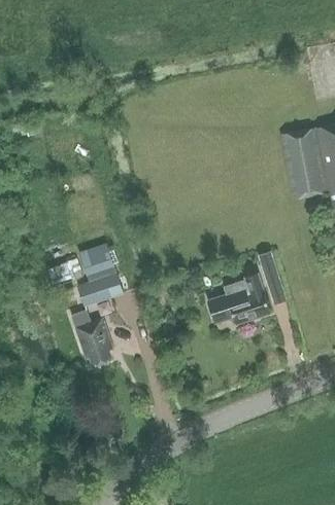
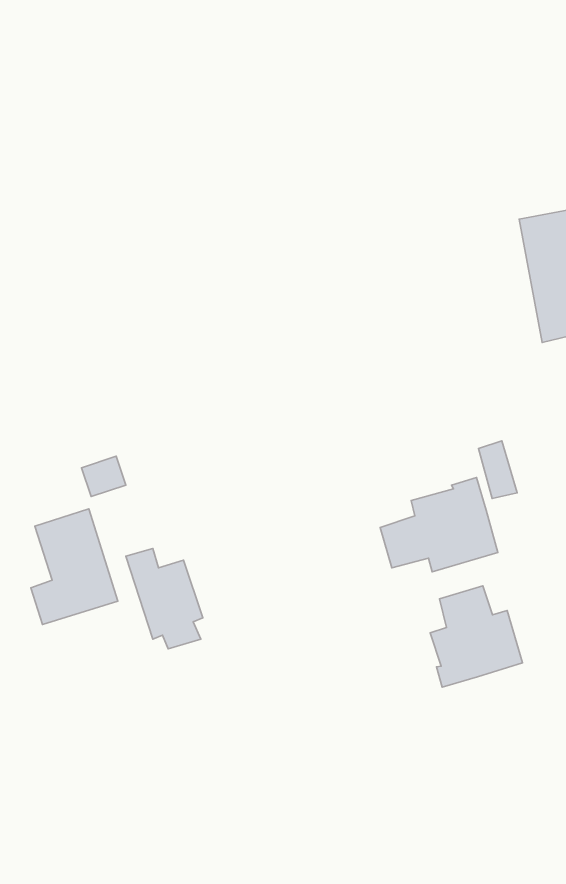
building: [77,244,124,305] -> [31,509,118,624]
building: none -> [430,586,523,687]

